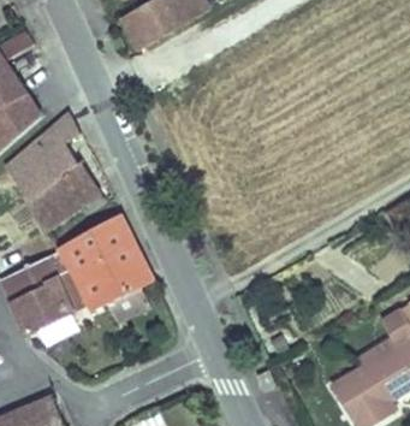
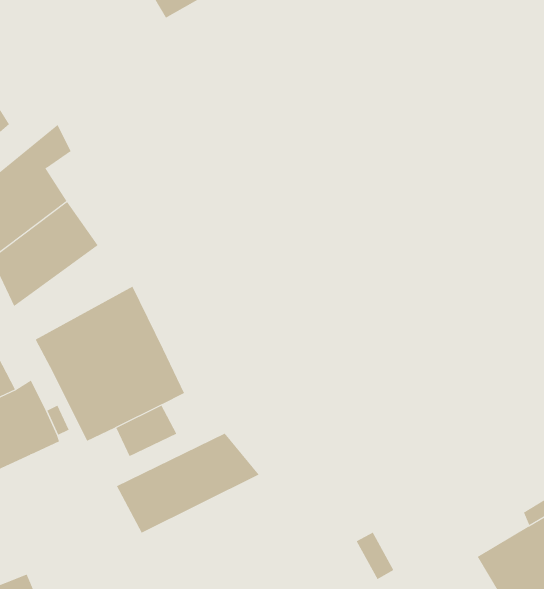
building: none -> [116,433,259,534]

